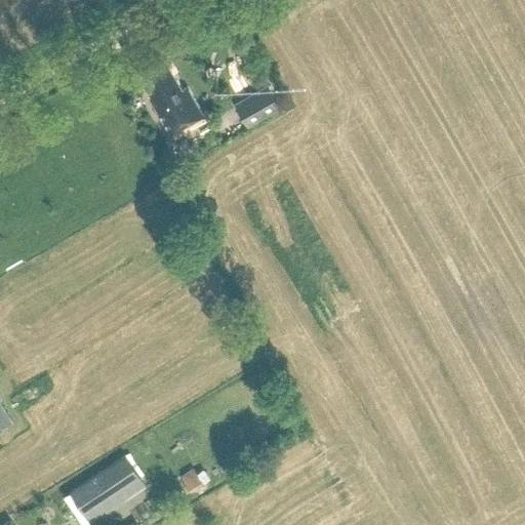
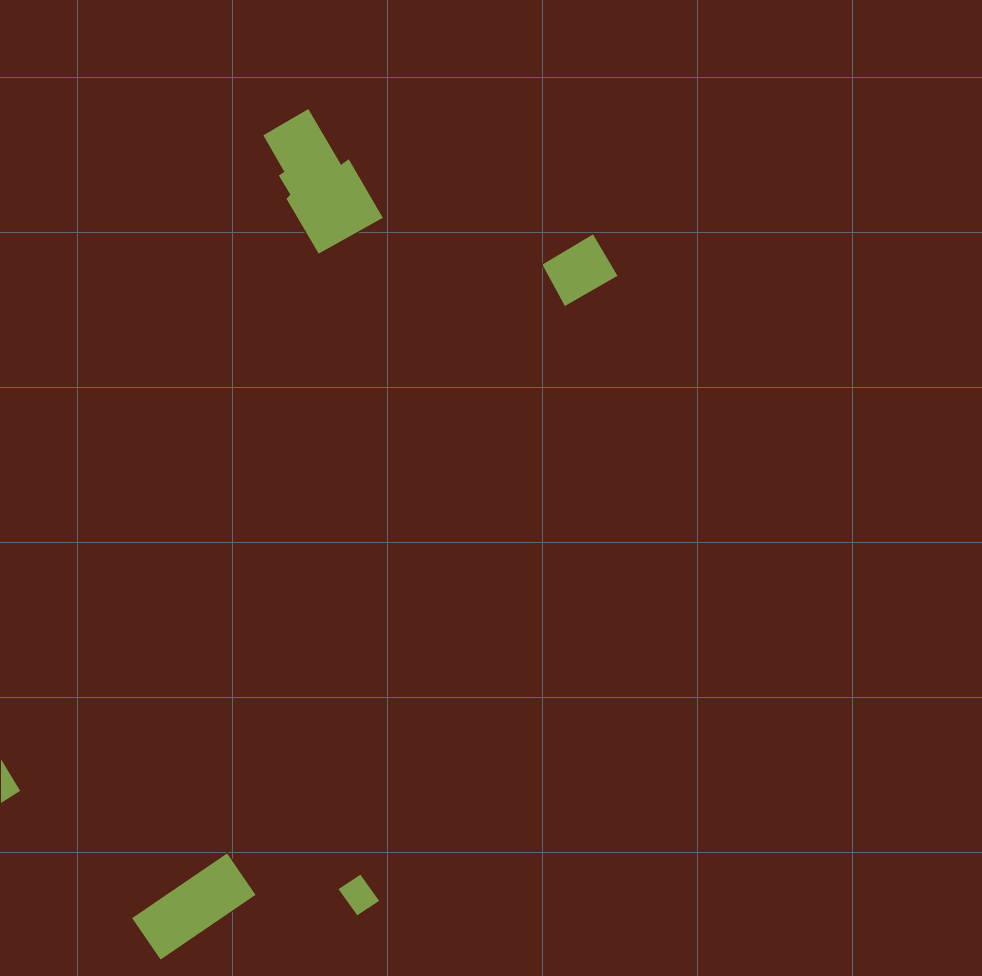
building: [239,88,280,127] -> [541,233,619,307]

